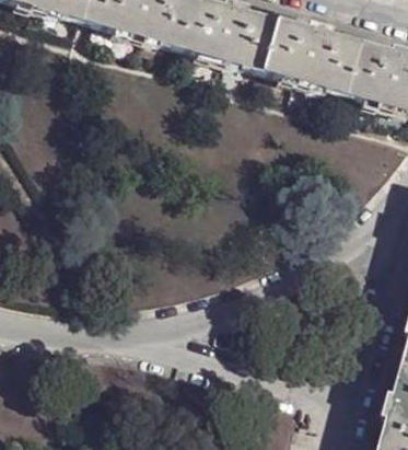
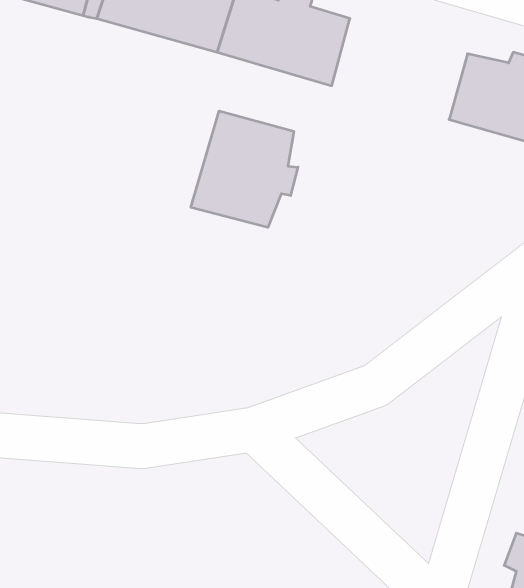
building: [257,19,354,91] -> none
building: none -> [191,111,298,227]

